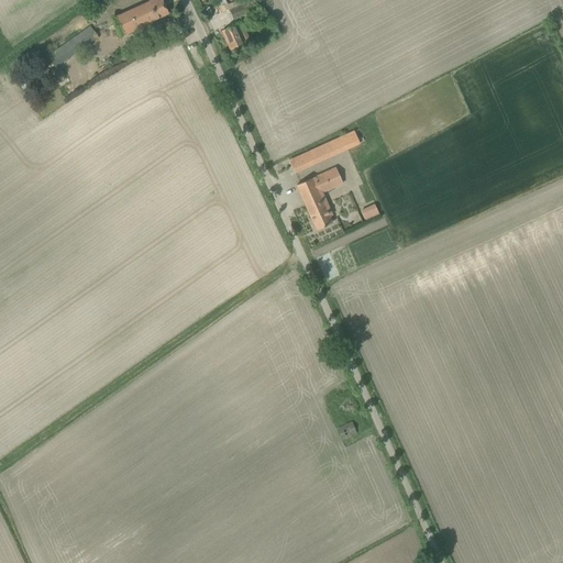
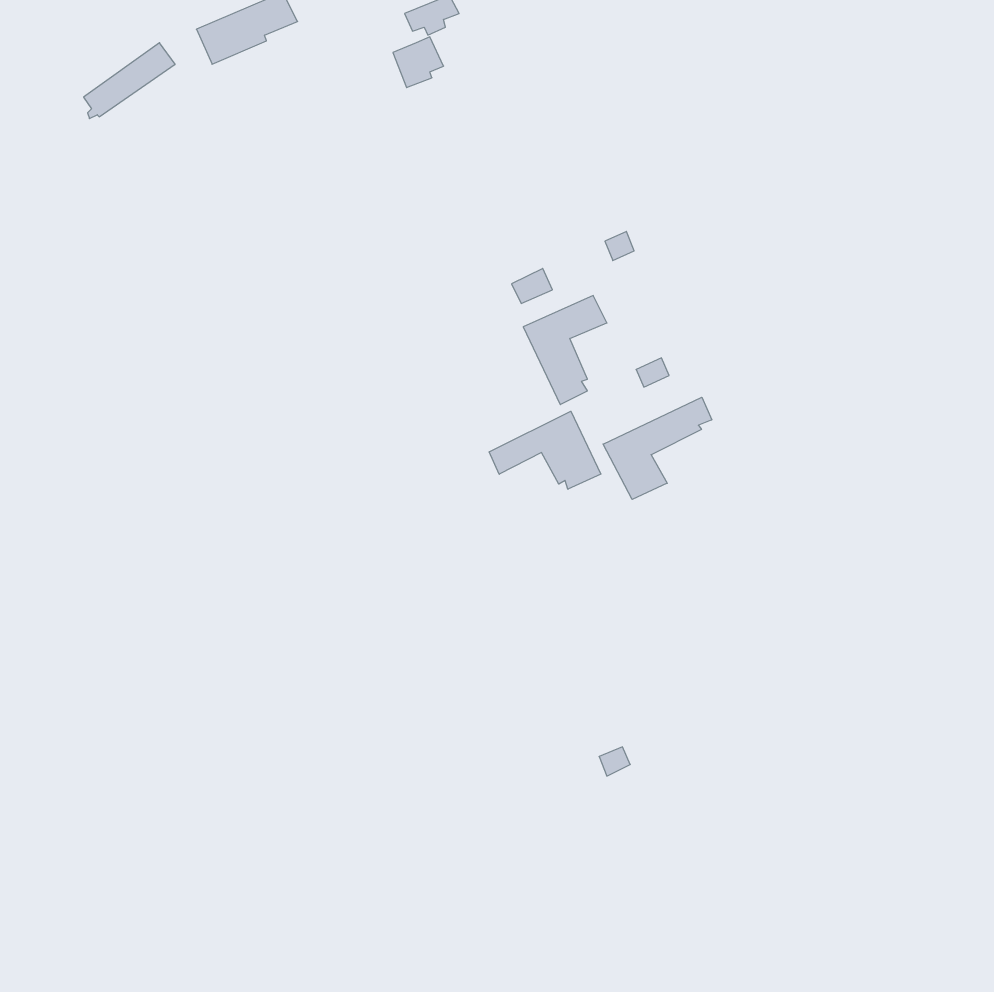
building: none -> [603,397,712,499]
building: none -> [489,411,601,489]

